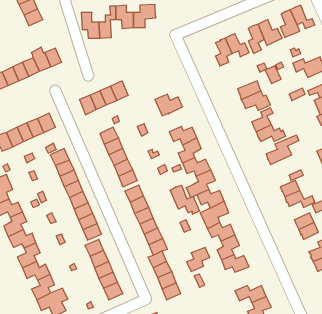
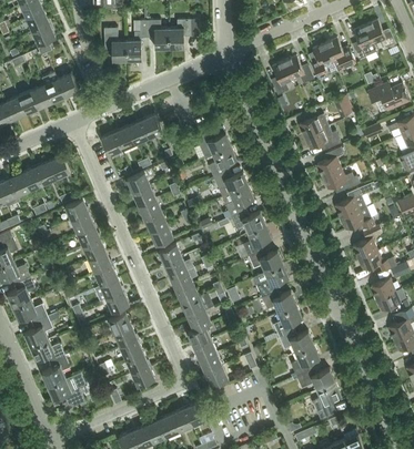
building: none -> [208,146,236,177]
building: none -> [340,206,374,231]
building: [170,185,199,214] -> none
building: [187,248,210,272] -> [290,346,319,376]

